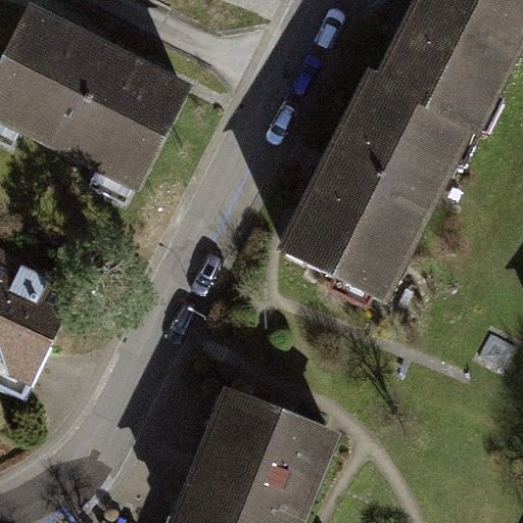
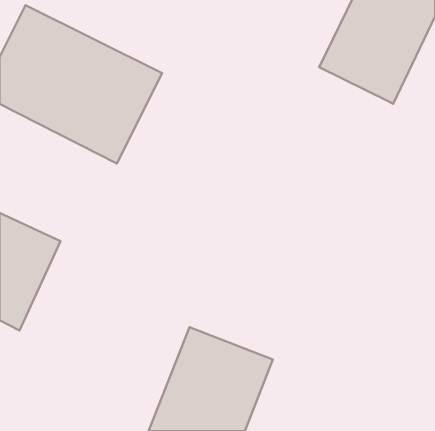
building: [285,75,466,295] -> none

